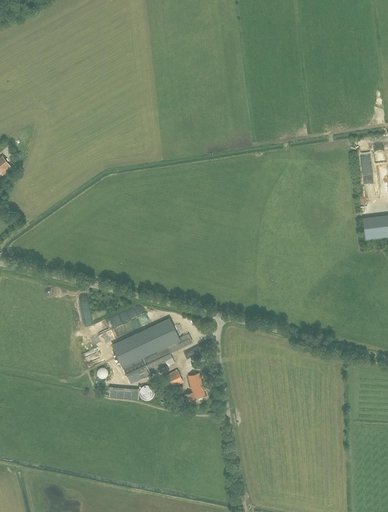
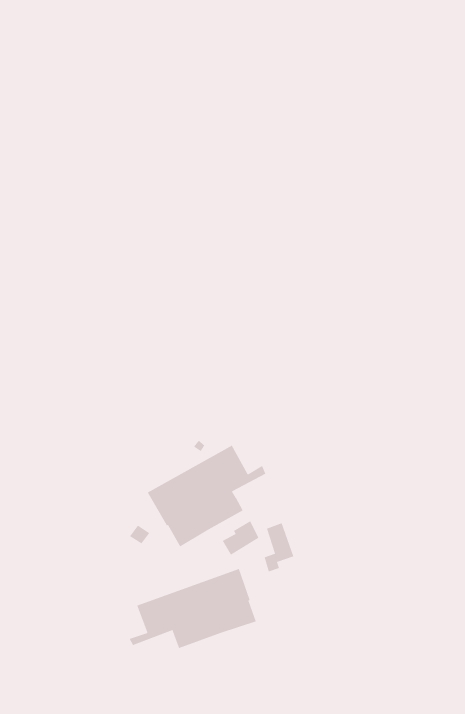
building: none -> [129,568,256,649]

